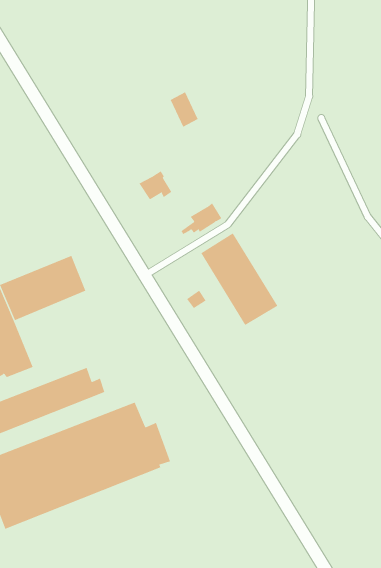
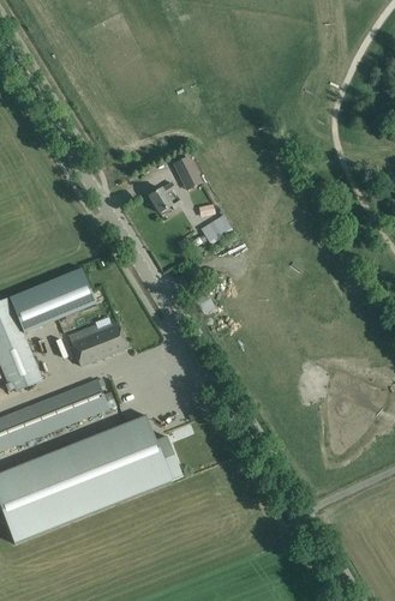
building: [170,92,198,127] -> [173,154,202,190]
building: [201,233,278,326] -> none
building: none -> [68,323,127,365]

